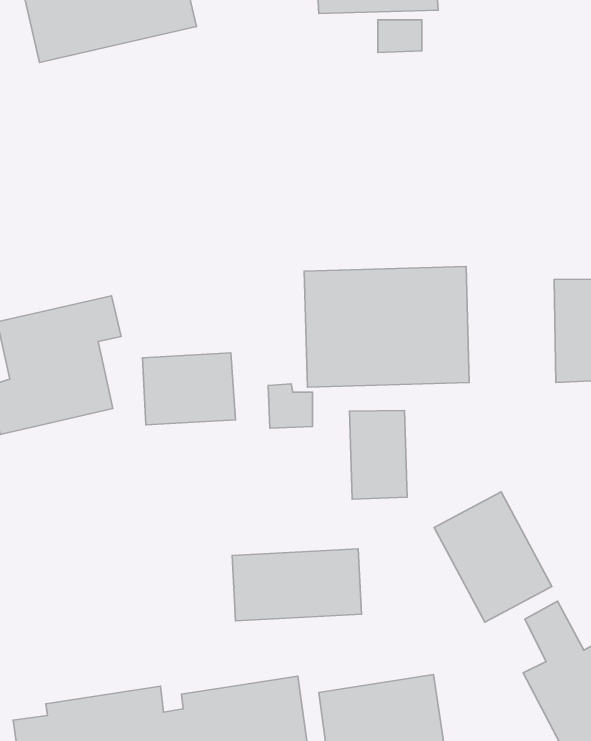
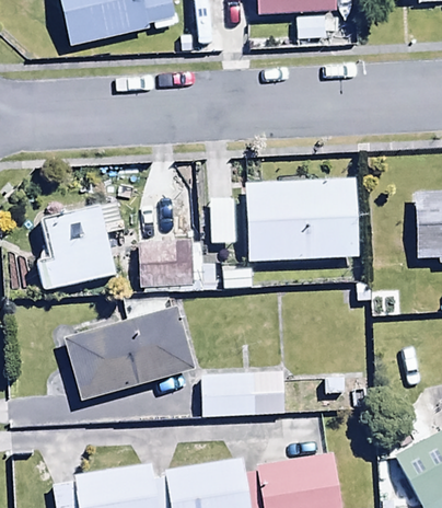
building: [350,411,407,499] -> none
building: none -> [63,303,199,400]
building: [434,492,552,622] -> none

